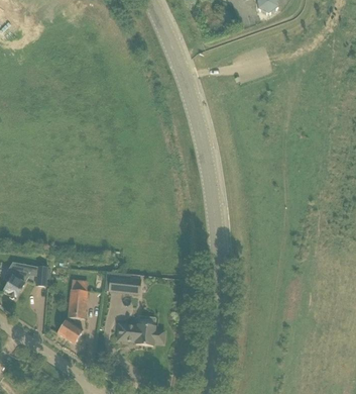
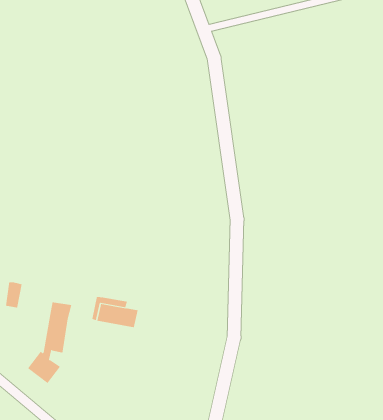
building: [118,322,164,343] -> none

